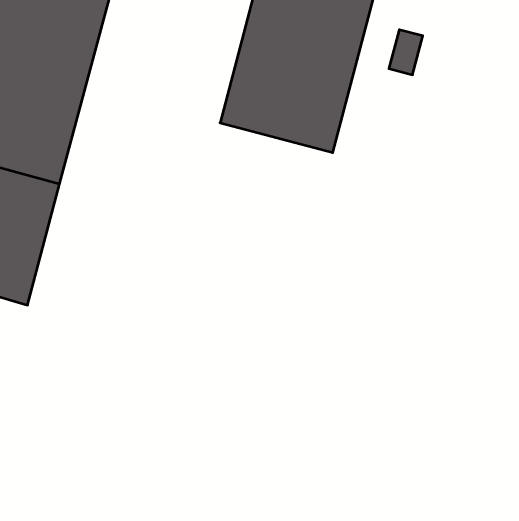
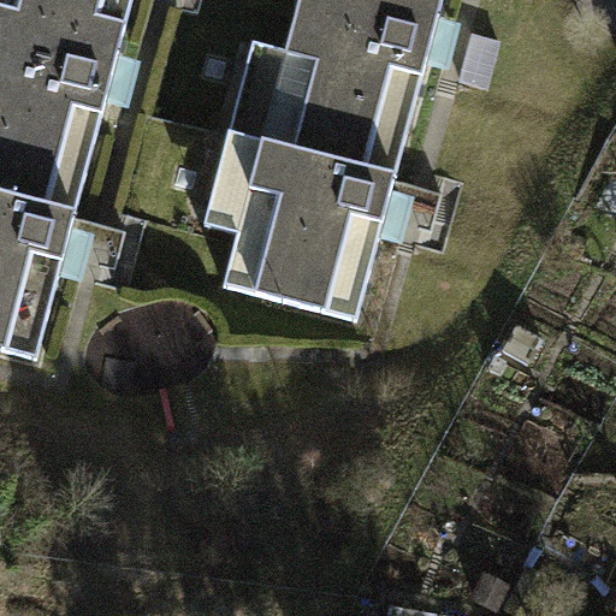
building: none -> [221,144,391,321]

